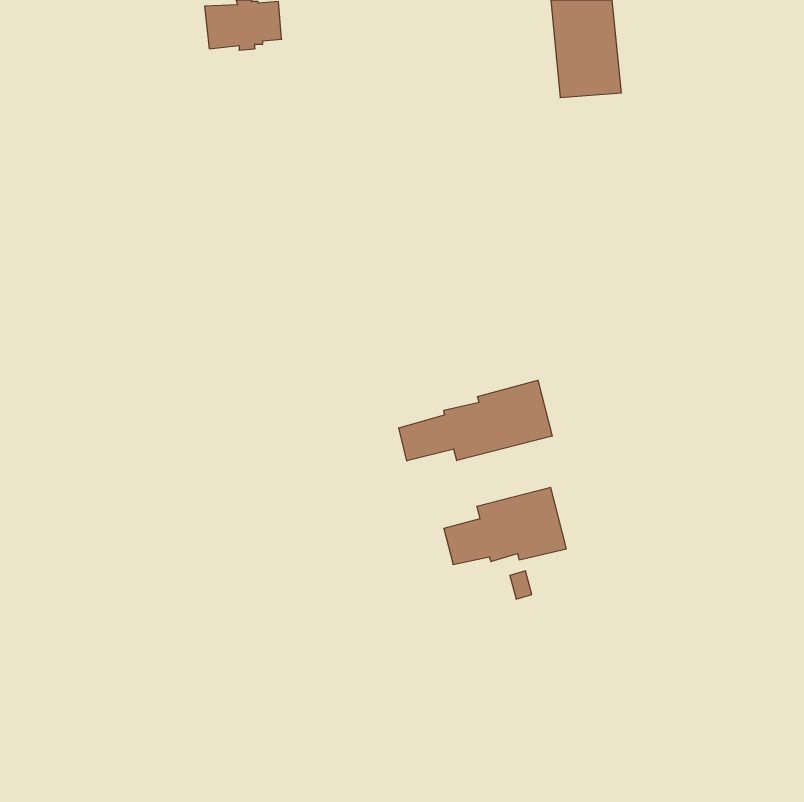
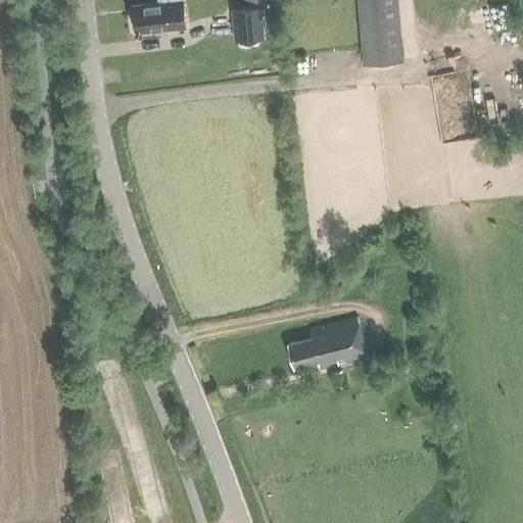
building: none -> [231,6,265,42]
building: [399,380,552,461] -> none

